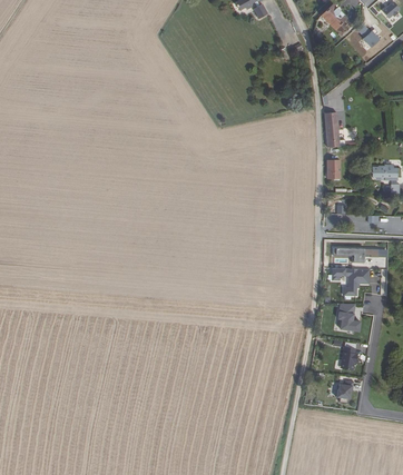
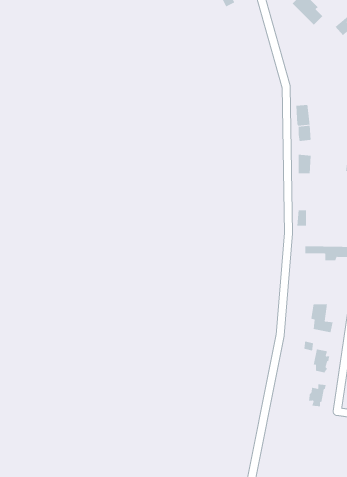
building: [332,267,368,295] -> none

